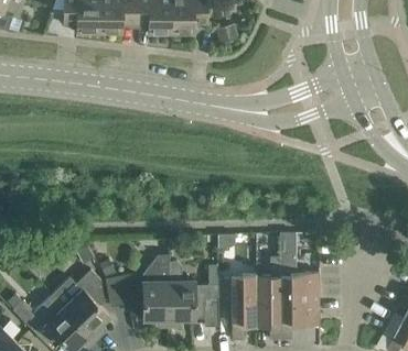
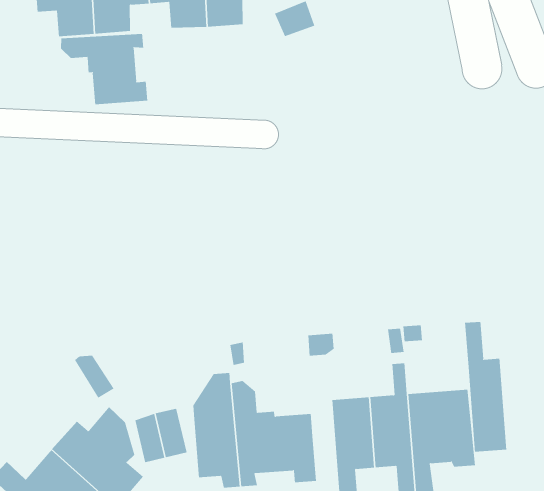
building: none -> [60,33,148,105]
building: none -> [465,321,507,453]

